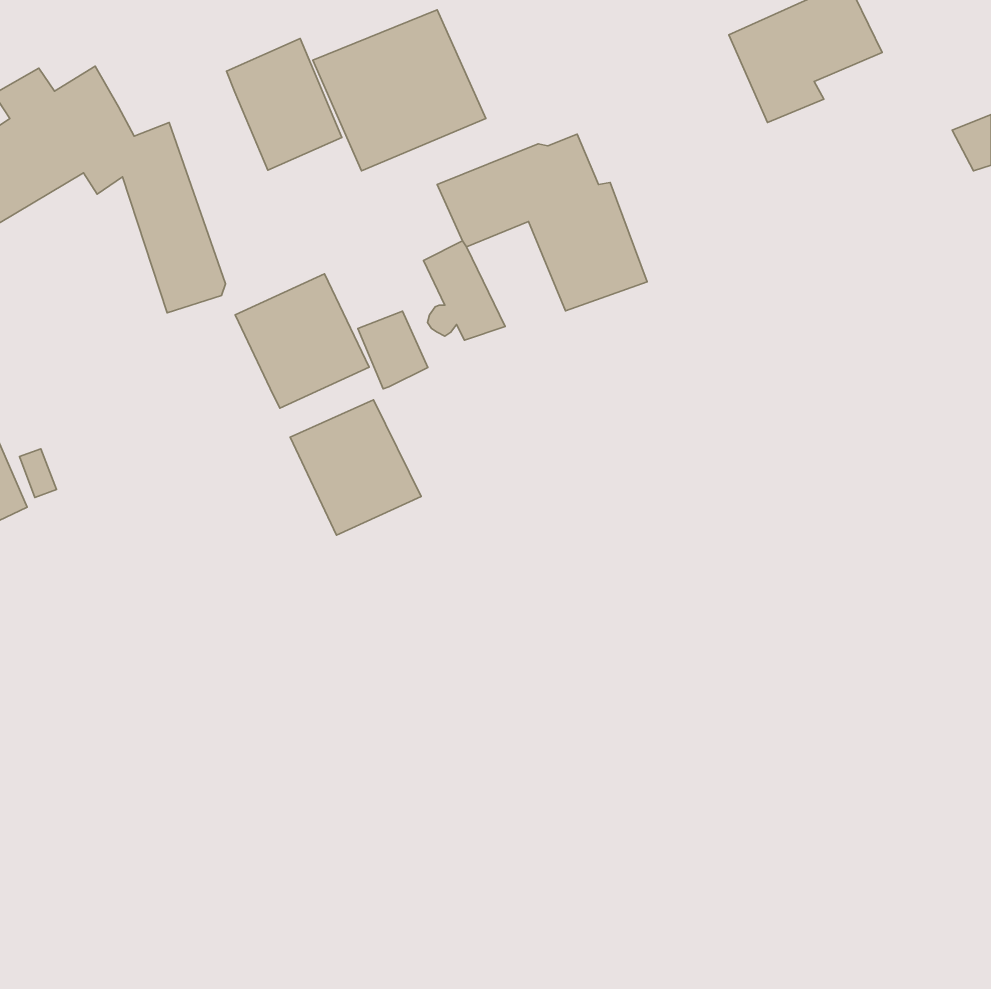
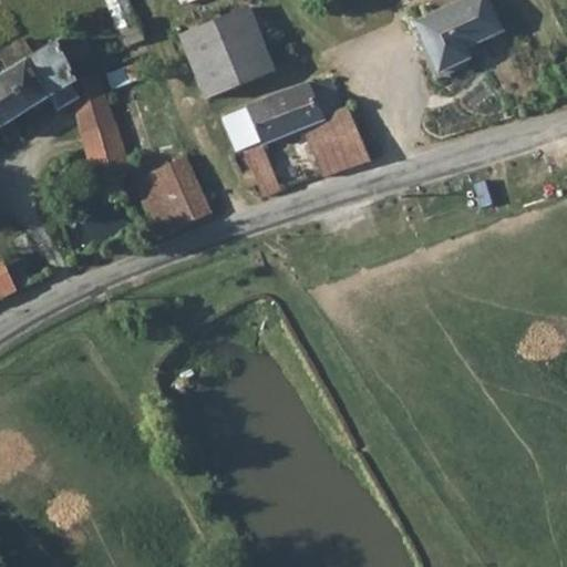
building: [226,38,342,170] -> none
building: [358,311,428,389] -> [224,105,264,150]
building: [290,400,421,535] -> none

